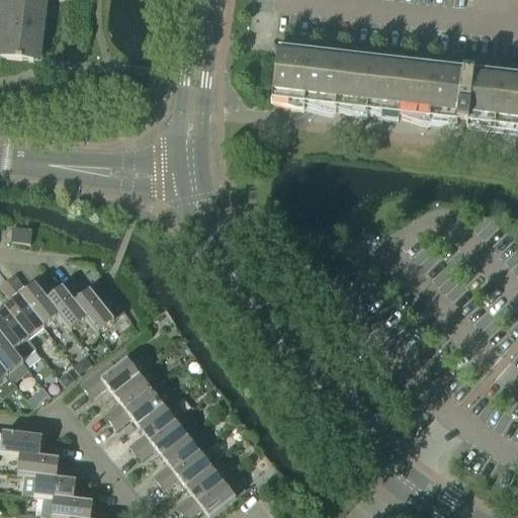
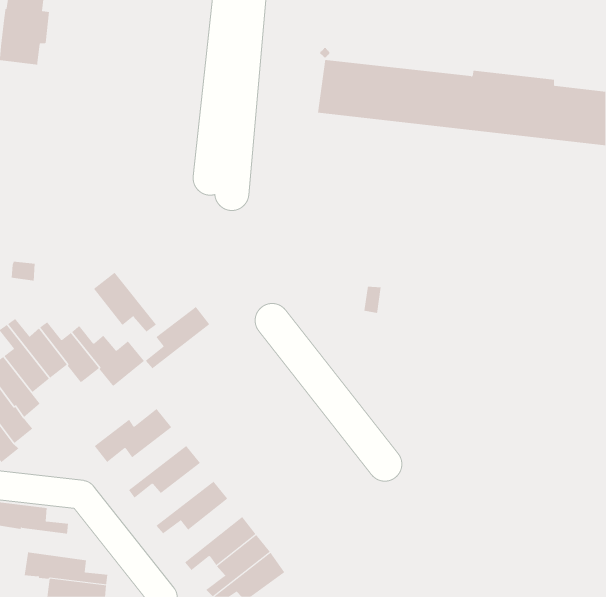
building: none -> [93,272,157,332]
building: [103,364,159,418] -> [145,306,210,369]
building: [127,395,182,448] -> none
building: [152,425,206,480] -> none
building: [16,450,76,478] -> none

